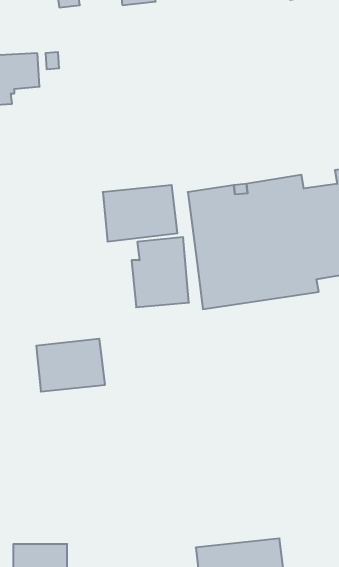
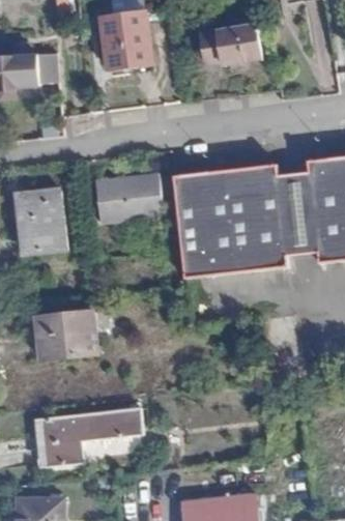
building: none -> [99,11,152,69]
building: none -> [200,23,260,65]
building: [132,237,189,307] -> [15,190,66,253]
building: none -> [39,407,142,467]

